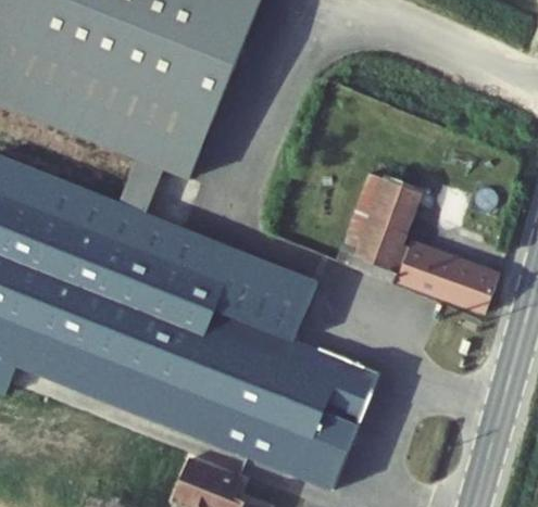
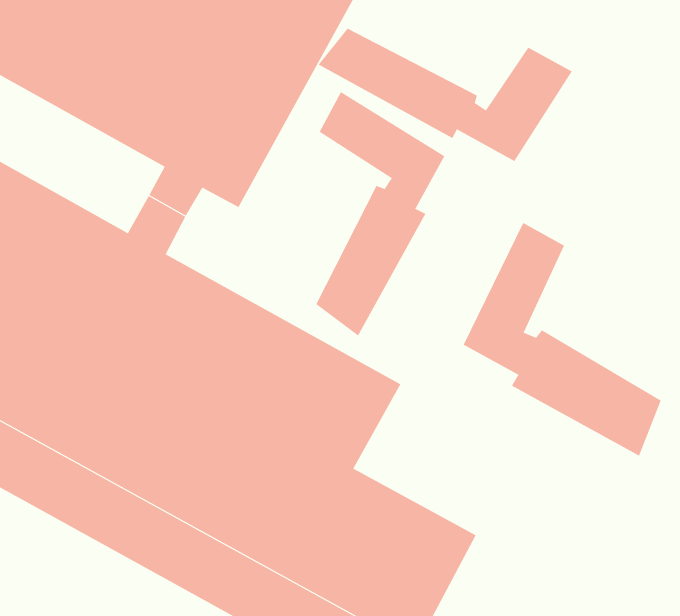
building: none -> [318,28,573,162]
building: none -> [315,91,445,337]

